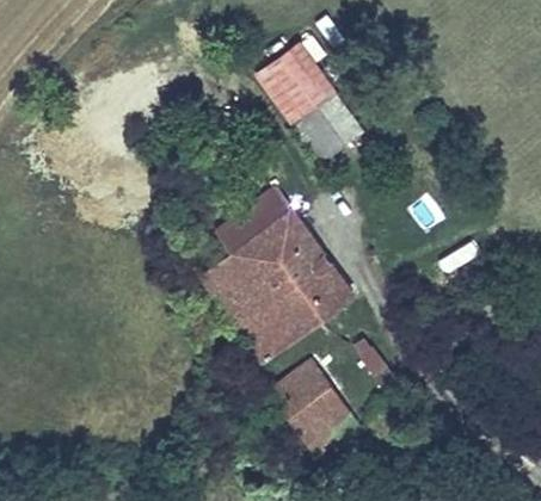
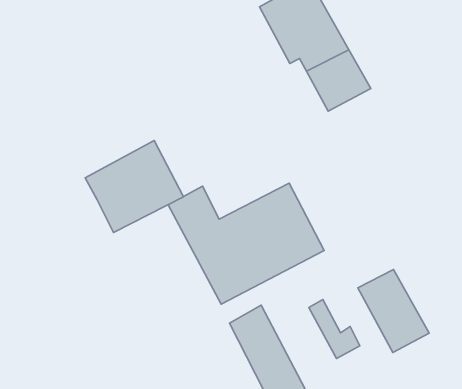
building: [215,187,311,280] -> [85,140,183,233]
building: none -> [358,270,429,352]

